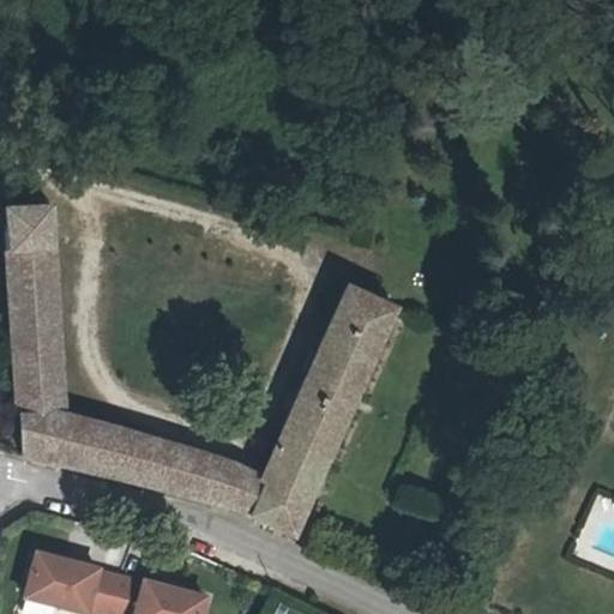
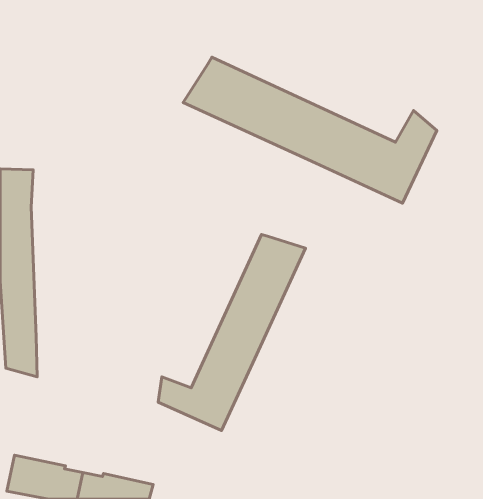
building: none -> [183,57,437,203]
building: [64,414,218,504] -> none

